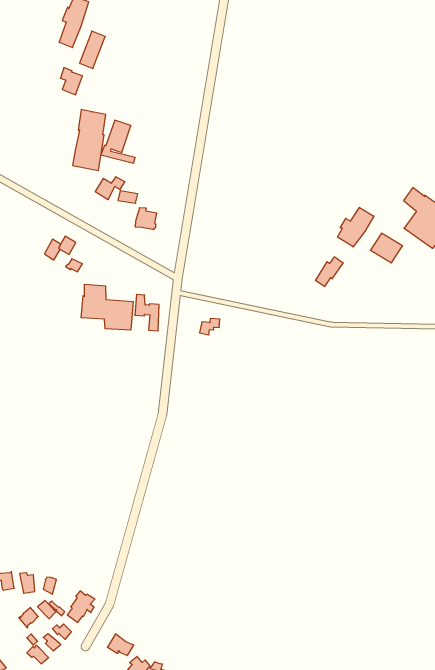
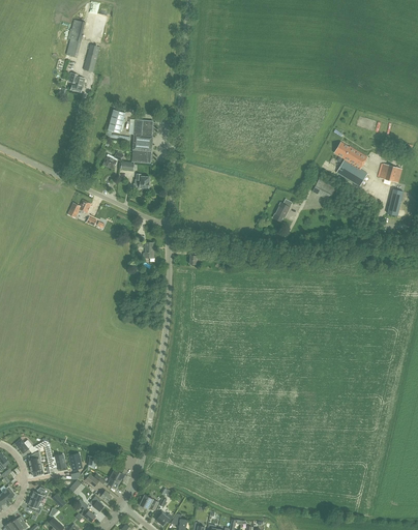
building: [73,110,106,170] -> [130,119,152,164]
building: [338,207,374,247] -> none
building: [81,284,133,330] -> none

